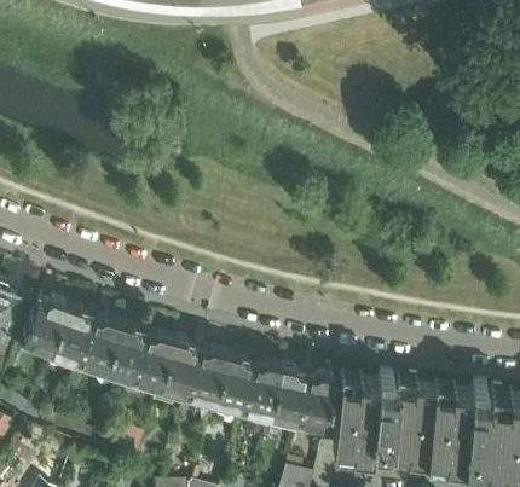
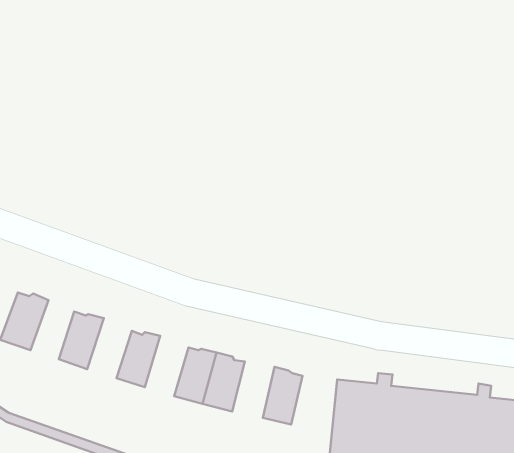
building: [50,303,91,359] -> none
building: [103,320,145,377] -> none
building: [157,337,198,394] -> none
building: [239,361,279,414] -> none
building: [295,375,334,428] -> none

